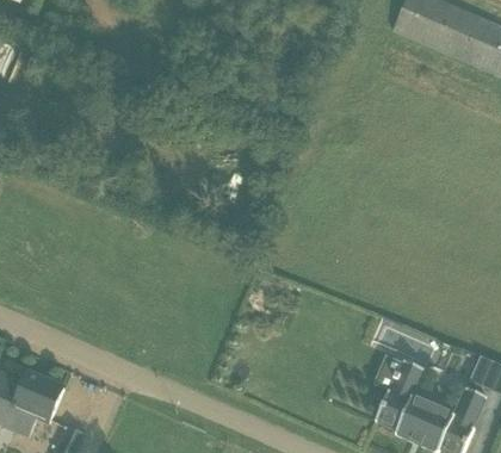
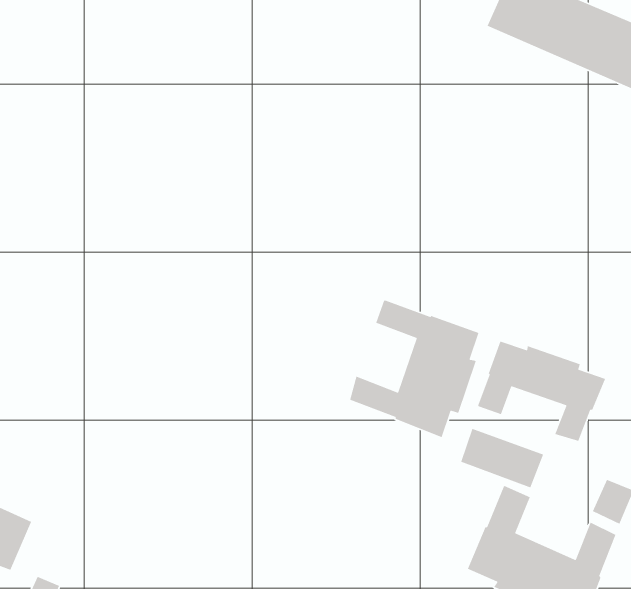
building: none -> [349,300,479,438]
building: none -> [478,340,606,442]

